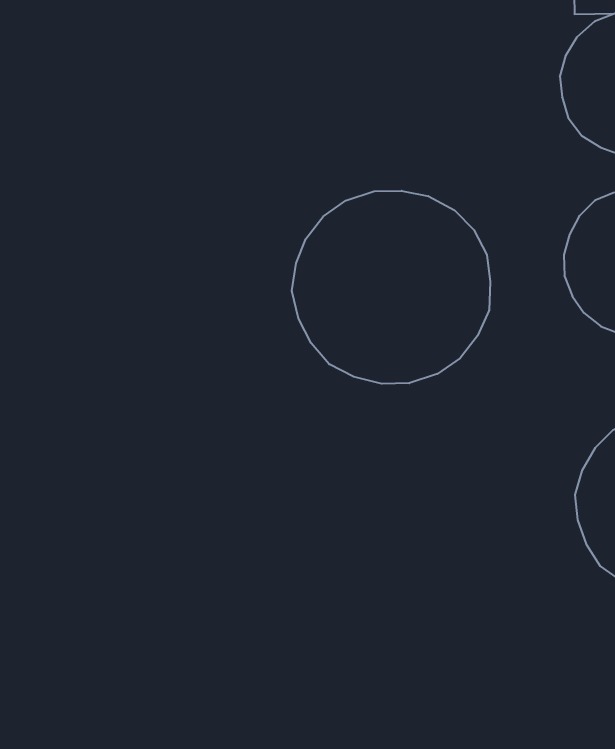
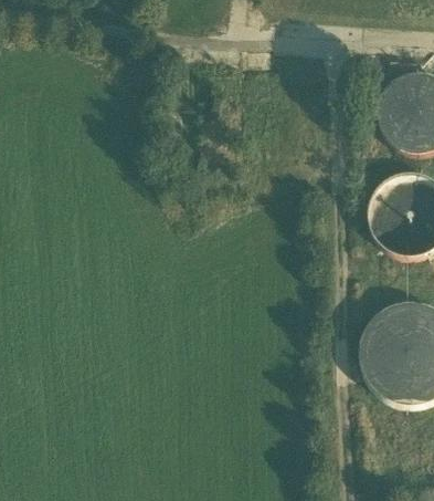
building: [292,191,490,384] -> none

